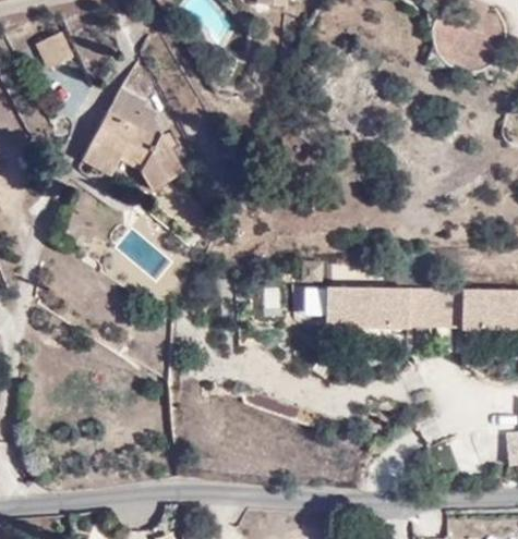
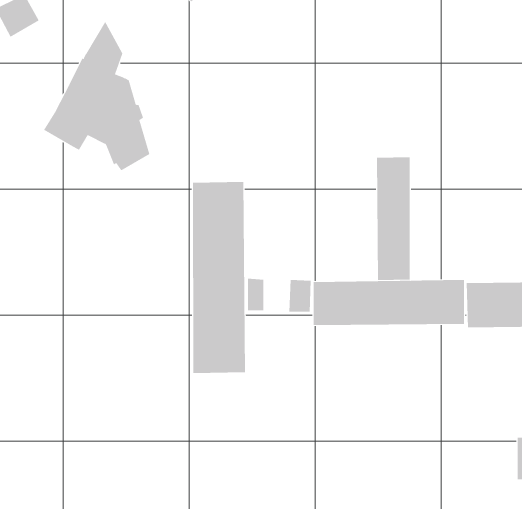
building: none -> [376,157,410,281]
building: none -> [193,181,245,374]

